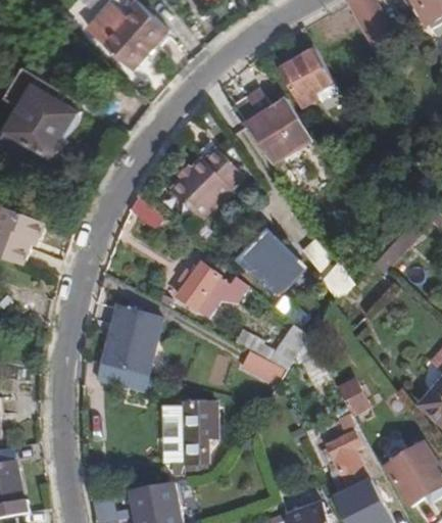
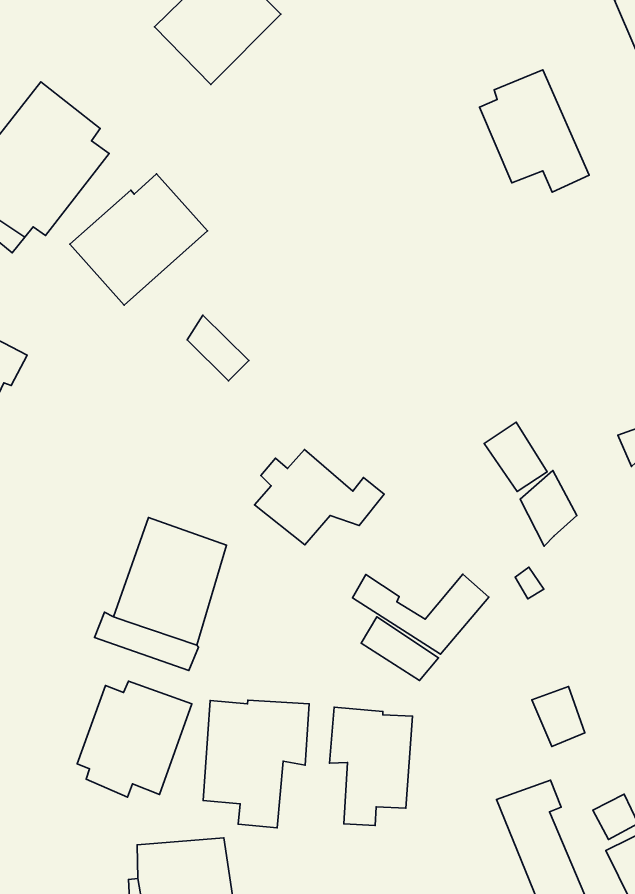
building: [233,96,309,181] -> none
building: [171,147,246,221] -> [70,174,207,305]
building: [234,226,295,291] -> none
building: none -> [77,681,192,797]
building: none -> [330,707,412,825]

